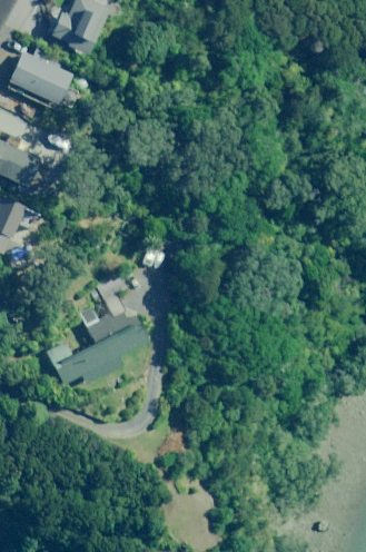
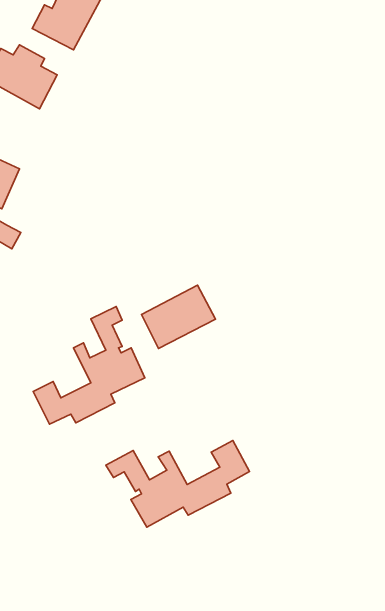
building: none -> [141,285,215,348]
building: none -> [106,441,249,527]

